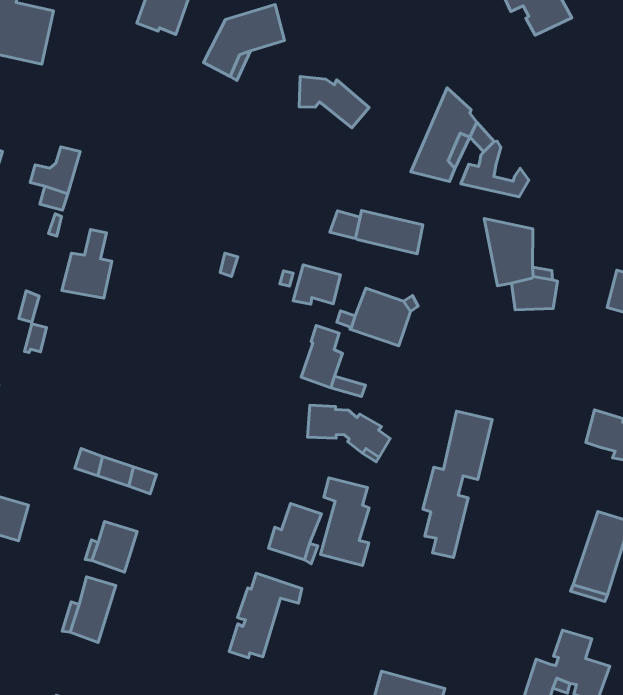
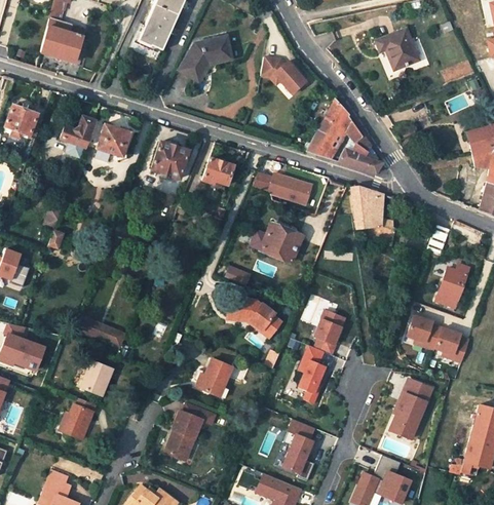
building: [299,76,369,128] -> [260,54,305,90]
building: none -> [151,143,186,179]
building: [62,229,112,298] -> [96,111,129,156]
building: [293,265,340,304] -> [201,158,233,185]
building: [320,478,369,566] -> [282,418,316,476]

